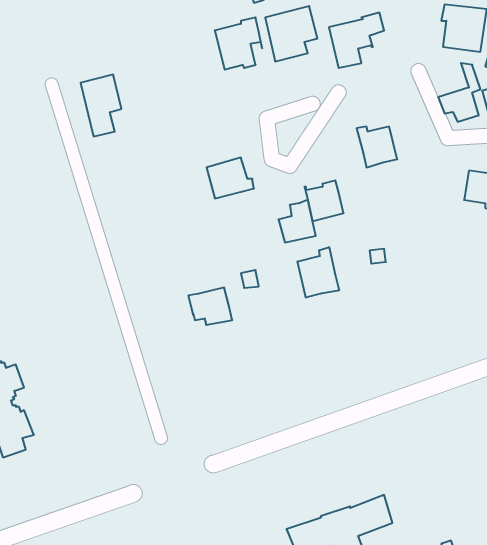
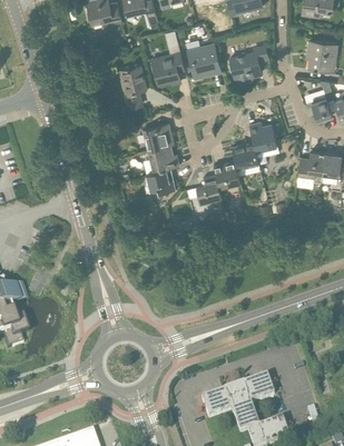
building: [81,75,121,136] -> [118,65,146,107]
building: none -> [142,121,174,150]
building: none -> [232,140,258,167]
building: none -> [298,150,326,181]
building: [298,247,339,298] -> none
building: [188,287,232,325] -> [146,167,176,192]

